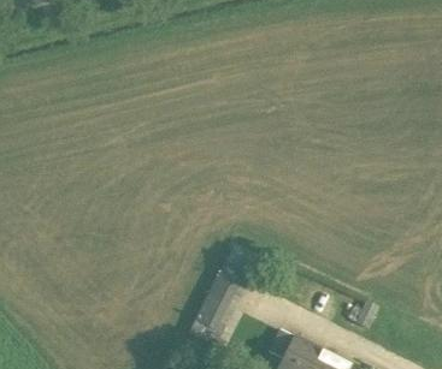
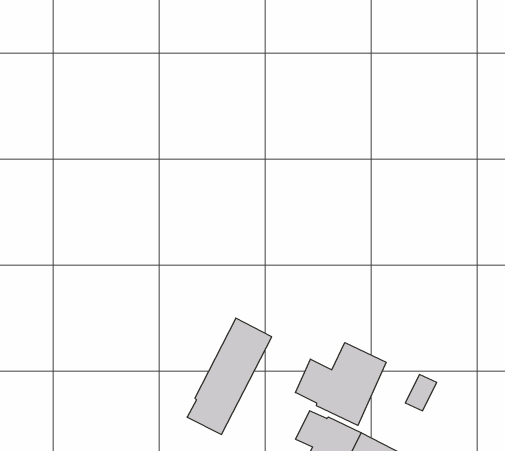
building: none -> [295,343,386,425]

